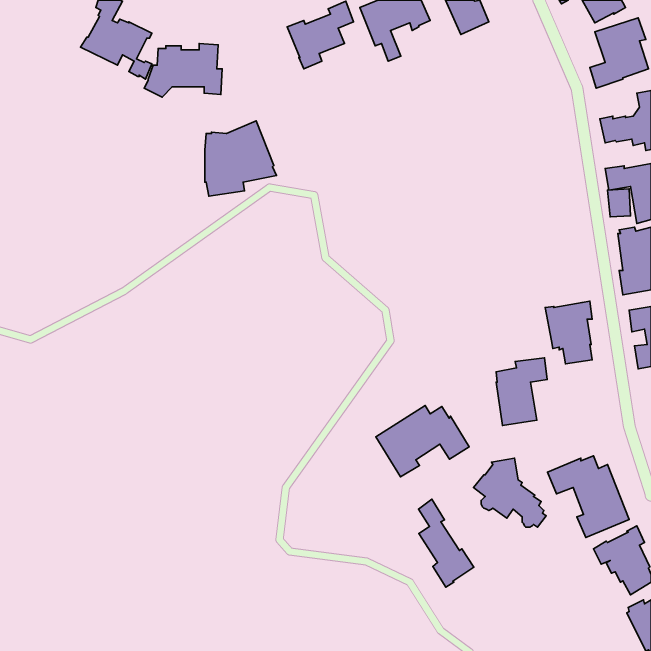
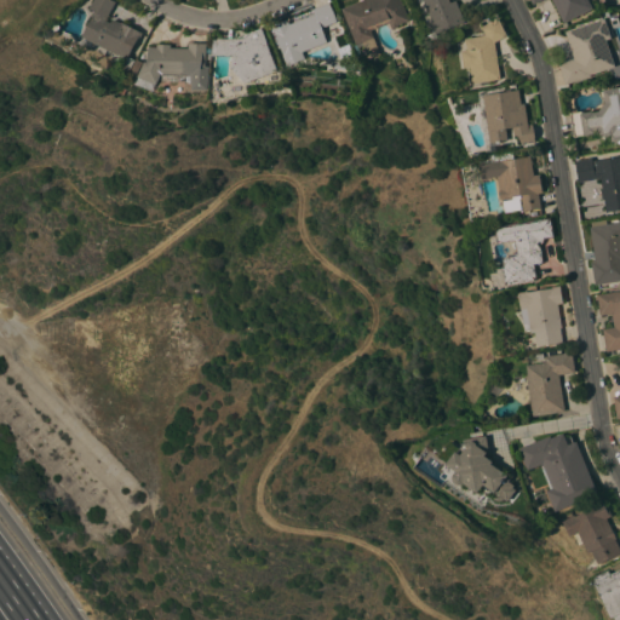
building: none -> [460,18,506,86]
building: none -> [483,90,535,144]
building: [205,121,276,196] -> [212,28,280,99]
building: none -> [481,153,542,213]
building: none -> [495,218,553,286]
building: [496,358,547,425] -> [526,352,574,417]
building: [376,405,469,477] -> none
building: [418,499,474,587] -> none

